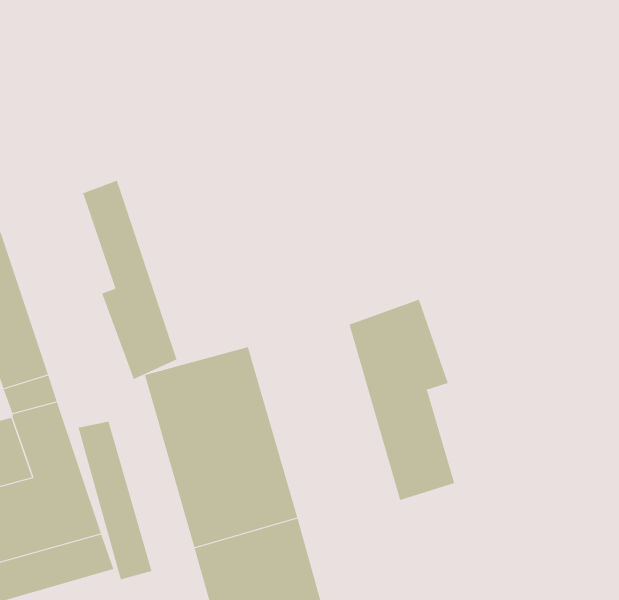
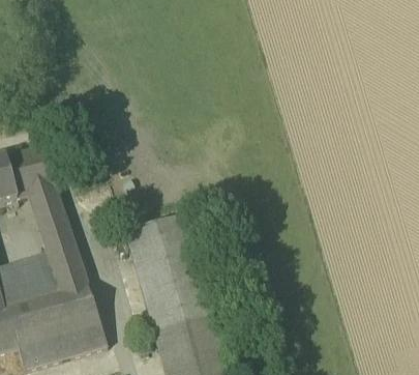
building: [82,180,177,380] -> none
building: [349,299,455,501] -> none
building: [78,421,152,580] -> none

